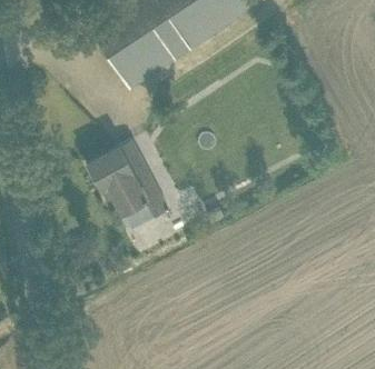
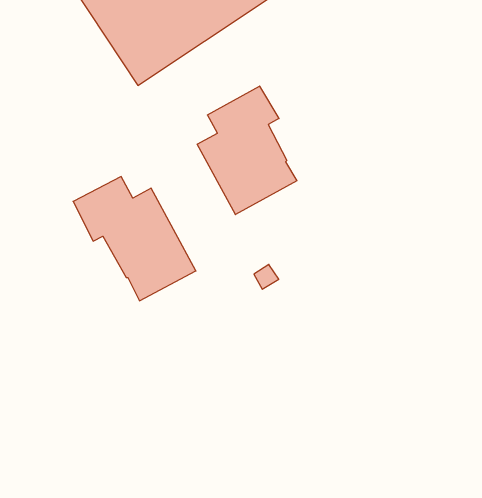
building: none -> [197,86,297,215]

